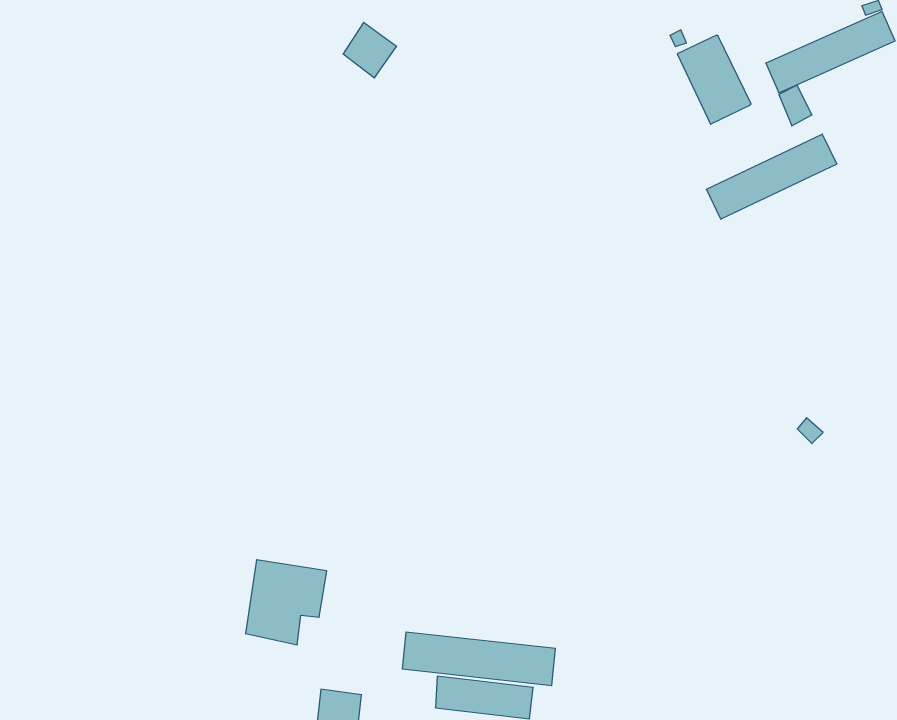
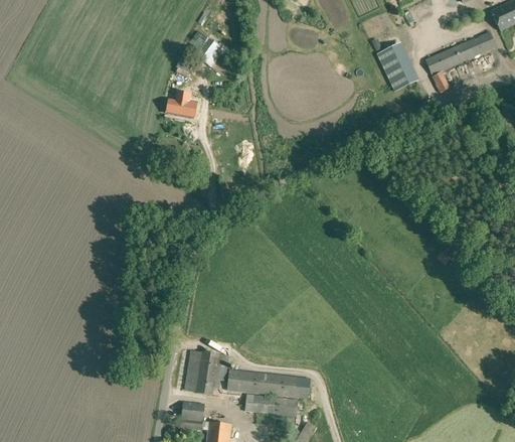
building: none -> [166,92,196,118]
building: [706,134,837,219] -> none
building: [245,560,327,645] -> [184,349,228,396]

